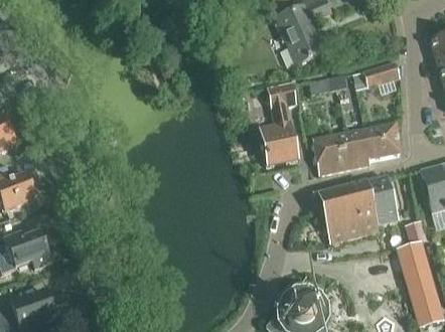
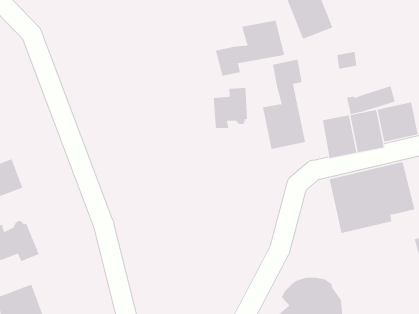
building: none -> [215,20,285,77]
building: [352,60,398,88] -> [346,85,395,115]
building: none -> [213,87,248,129]

